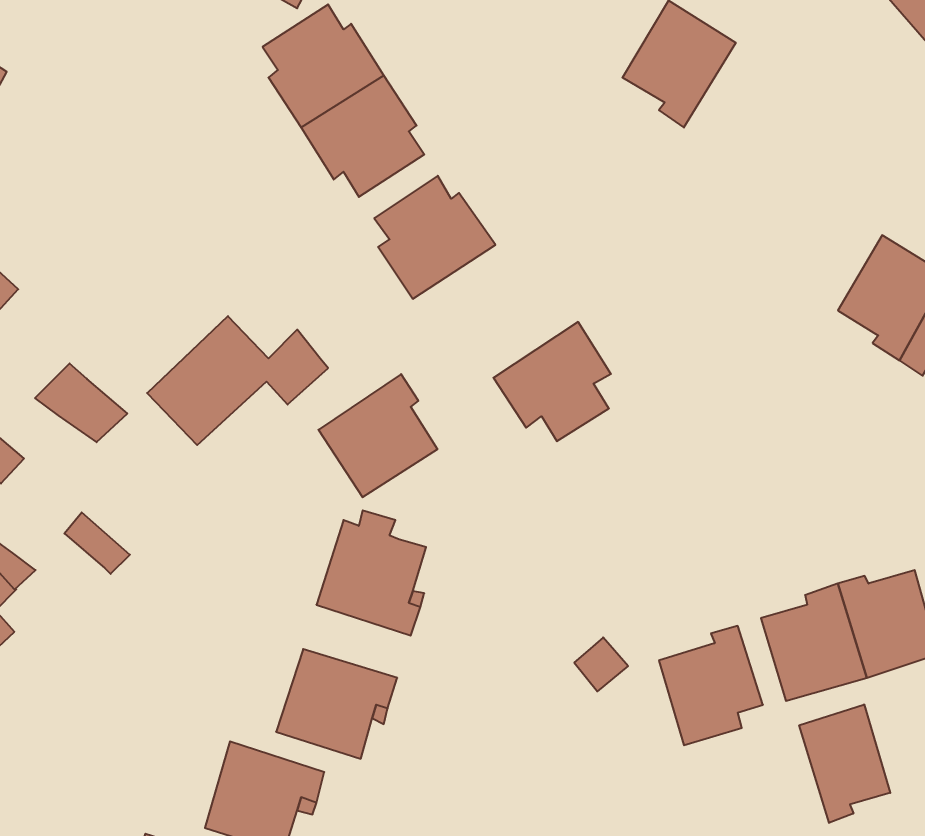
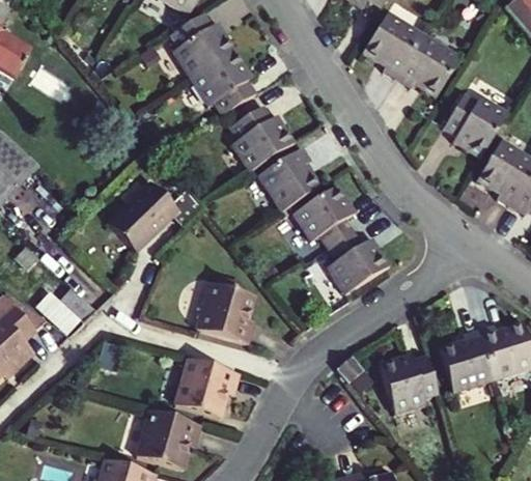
building: none -> [395,34,459,97]
building: none -> [443,93,508,157]
building: [35,363,127,442] -> [33,290,83,333]
building: [318,374,438,497] -> [256,146,320,213]
building: none -> [327,231,390,295]
building: [799,704,890,823] -> none

